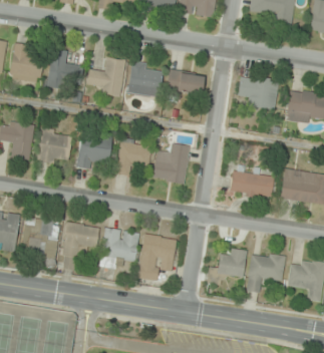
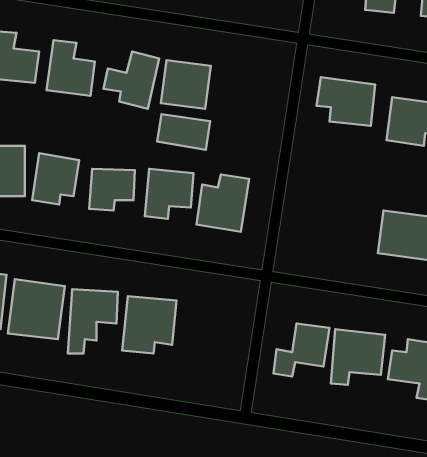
building: [167,70,204,95] -> [157,114,210,150]
building: [230,170,273,197] -> none
building: [137,234,177,281] -> none

